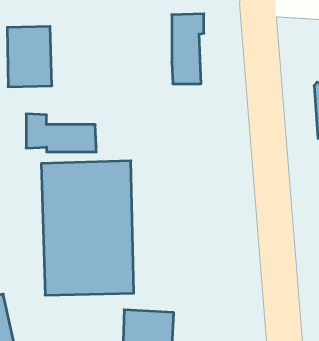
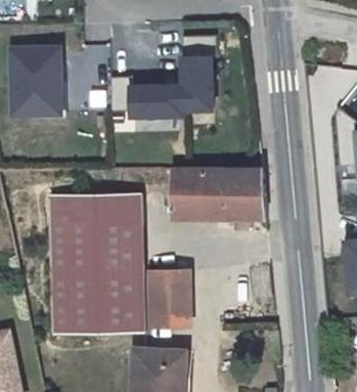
building: [26,114,96,152] -> [113,77,186,117]
building: none -> [172,167,267,217]
building: none -> [152,270,191,324]

